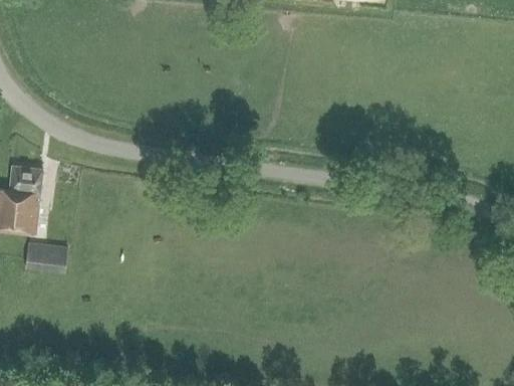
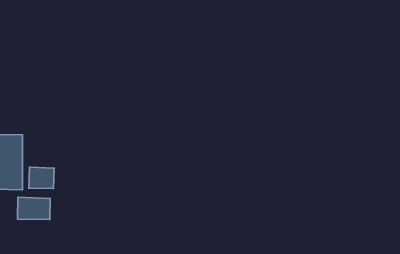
building: none -> [29,167,54,188]

